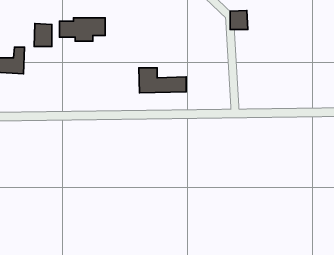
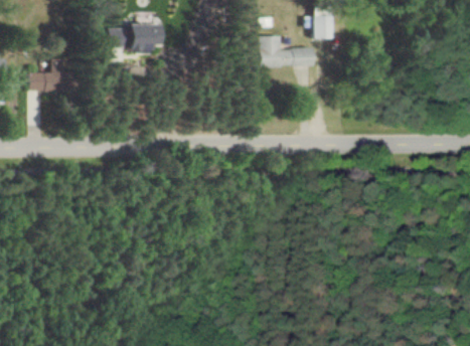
building: [34,23,52,46] -> none
building: [139,68,186,93] -> [259,36,316,66]

